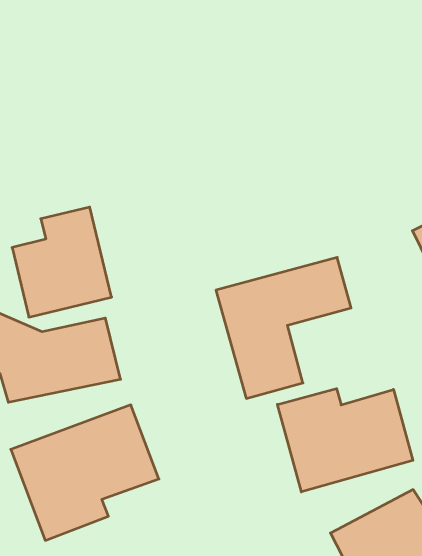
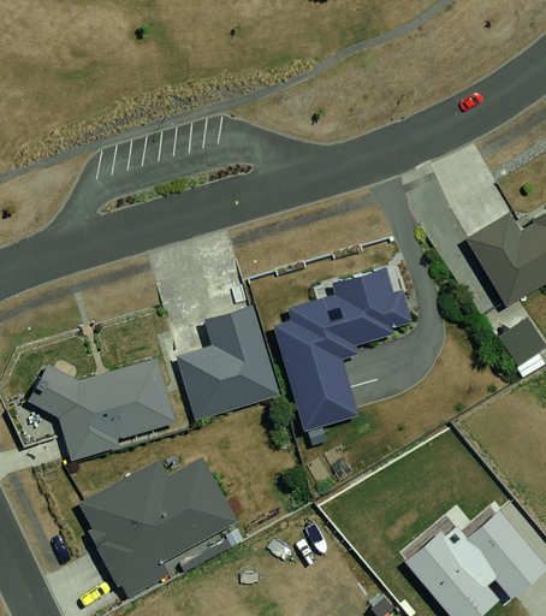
building: [12,207,112,317] -> [174,308,281,427]
building: [277,389,413,492] -> none

